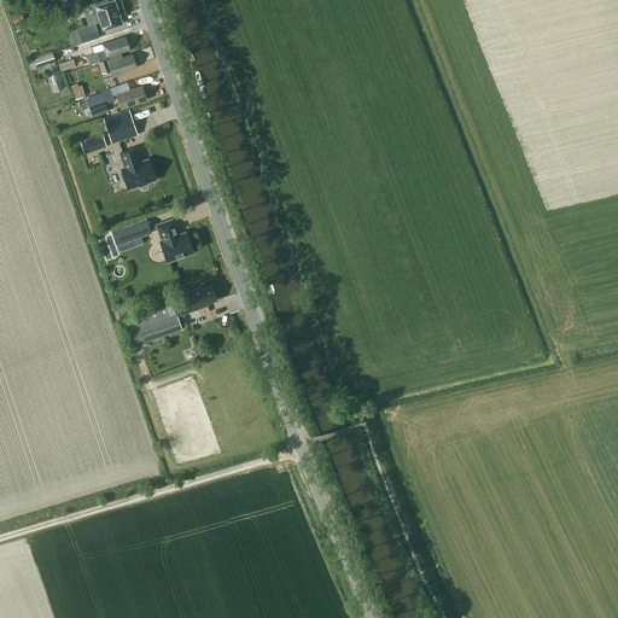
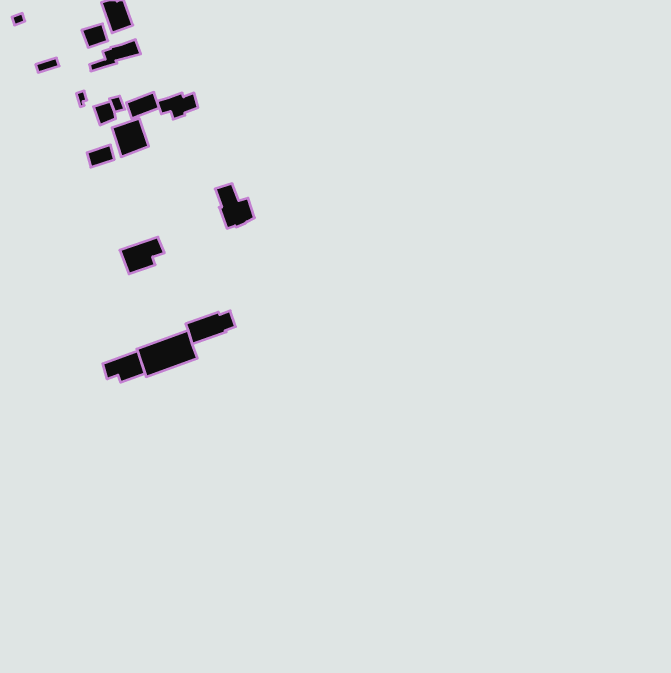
building: [99,53,136,77] -> [157,93,198,119]
building: [121,147,156,187] -> none
building: [157,220,193,261] -> [215,184,255,228]
building: none -> [103,351,145,382]

